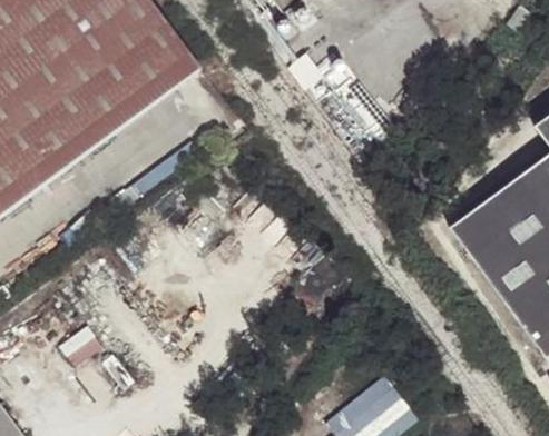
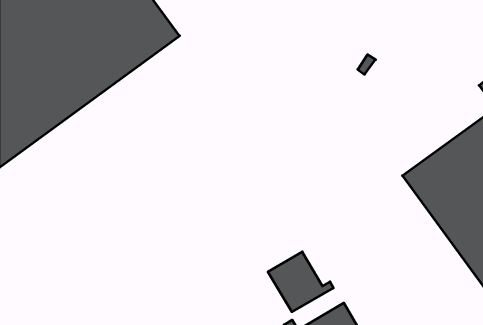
building: none -> [268,252,333,312]

